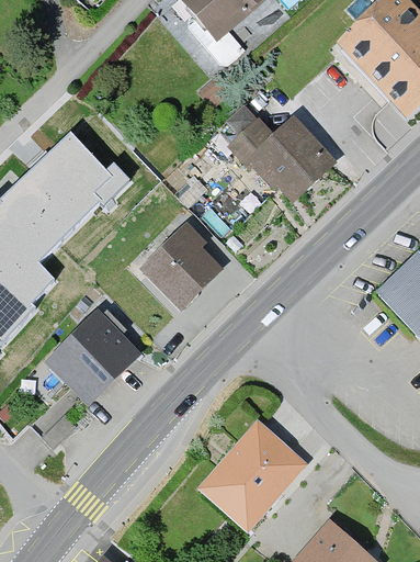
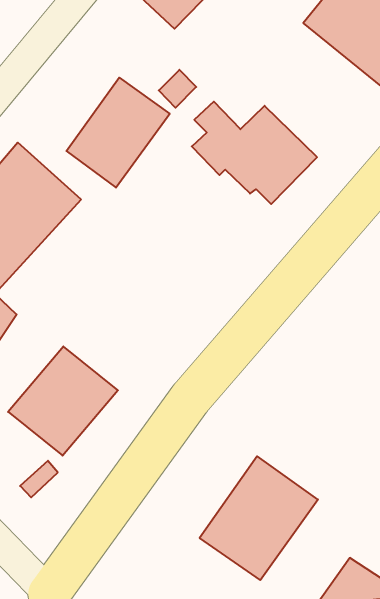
building: none -> [66,78,170,188]
building: [139,222,222,311] -> none

